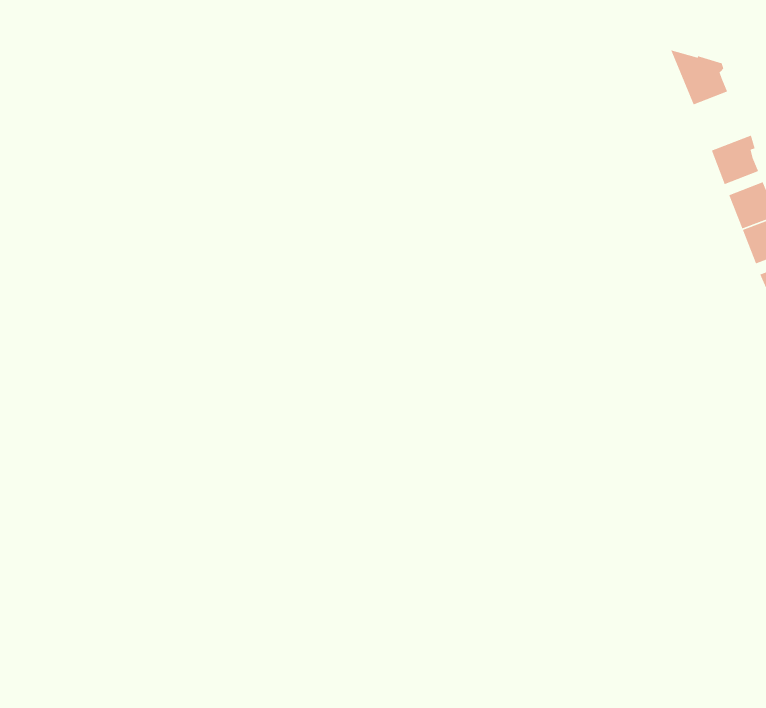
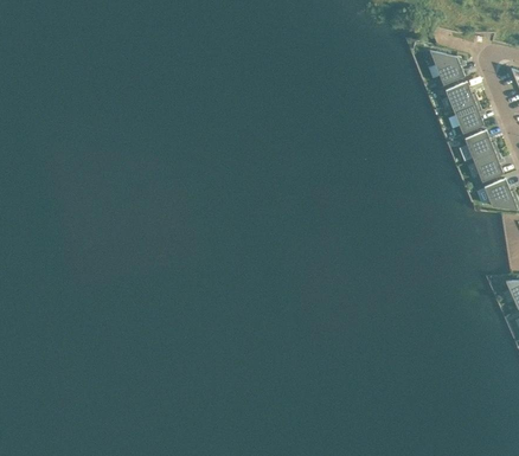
building: none -> [444,83,478,113]

